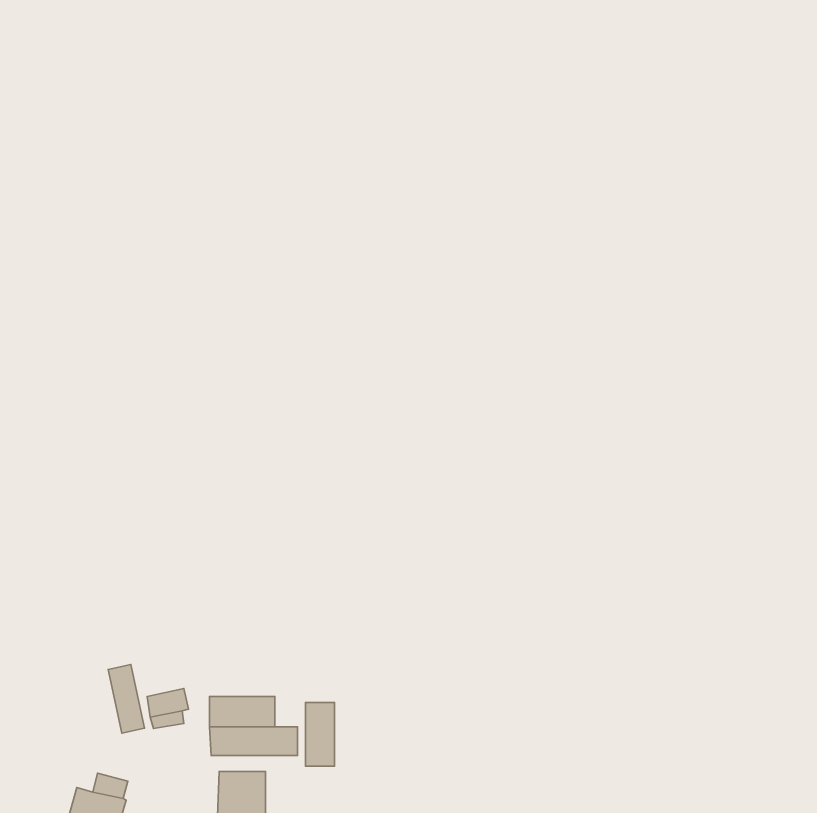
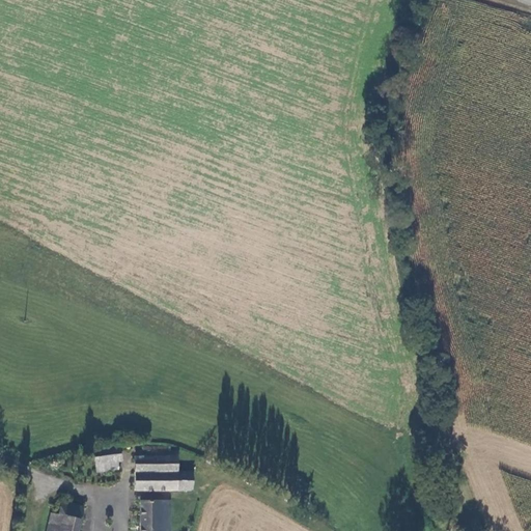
building: [108,665,145,733] -> none
building: [306,703,335,766] -> none

